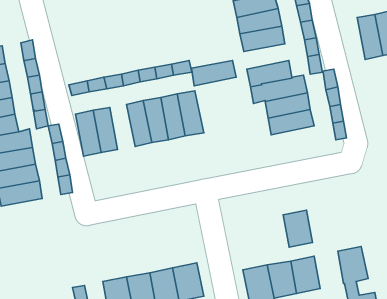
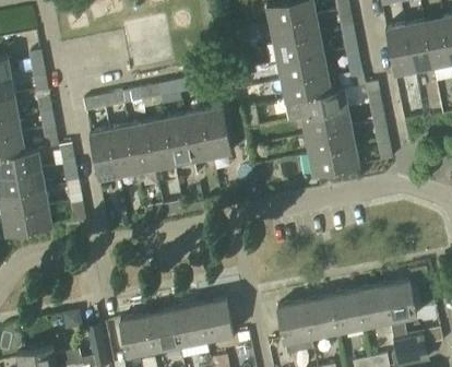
building: none -> [384,25,413,75]
building: [191,60,236,86] -> [277,55,328,83]
building: none -> [128,122,156,173]
building: none -> [308,146,359,176]
building: [283,210,313,247] -> [356,286,389,328]

